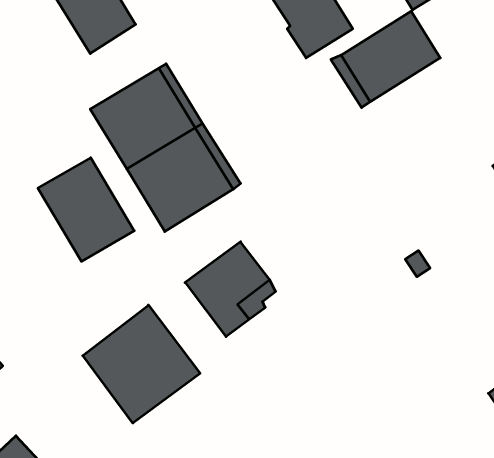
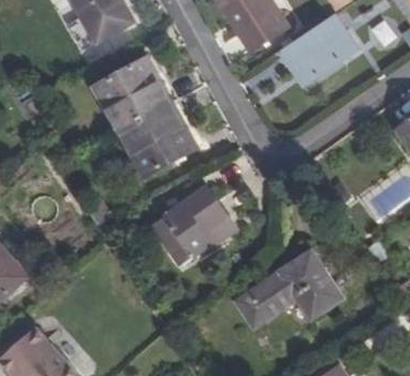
building: [38,158,134,261] -> none
building: [83,305,200,423] -> none
building: none -> [234,258,337,331]

